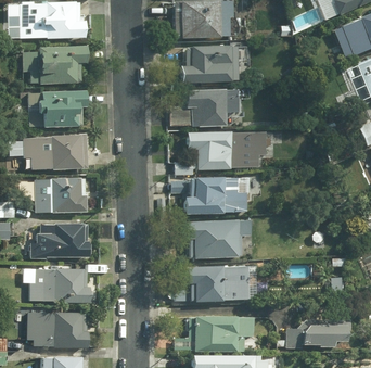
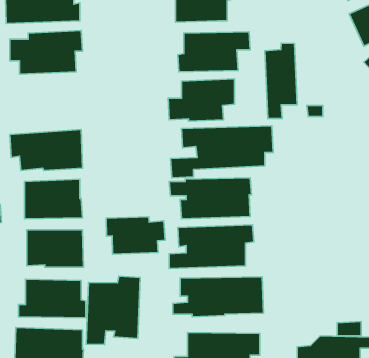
building: none -> [265,43,297,119]
building: [31,90,89,127] -> none
building: none -> [106,217,165,254]
building: none -> [86,276,140,345]

